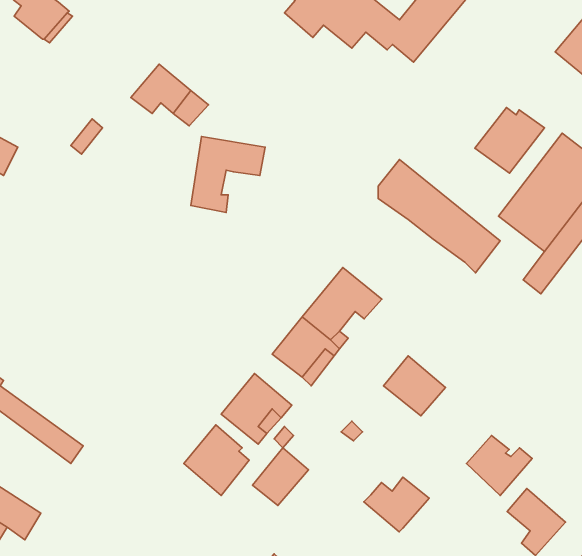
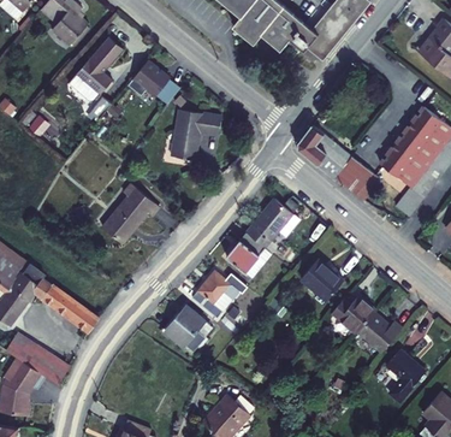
building: none -> [69,36,123,101]
building: [475,107,544,173] -> none
building: none -> [102,184,159,243]
building: [252,448,309,505] -> none
building: [364,477,429,532] -> [332,297,376,335]

